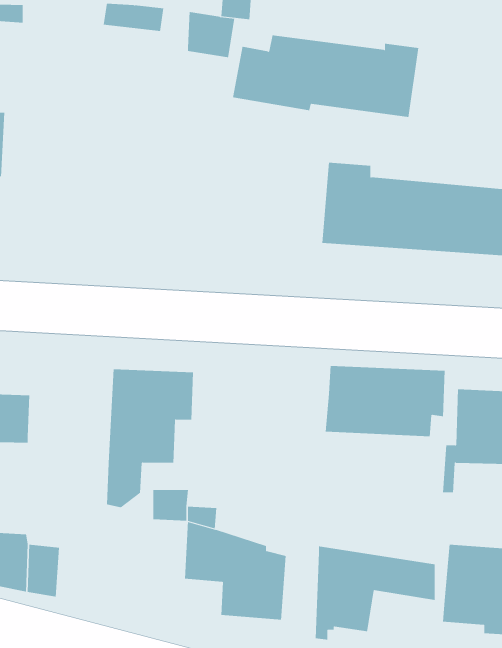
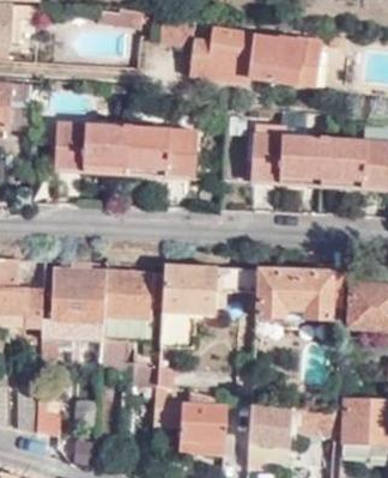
building: none -> [57,121,198,175]
building: none -> [41,260,102,355]
building: none -> [157,265,259,347]

